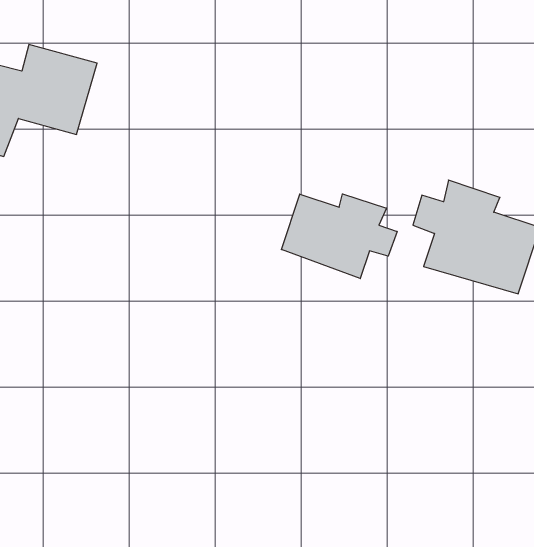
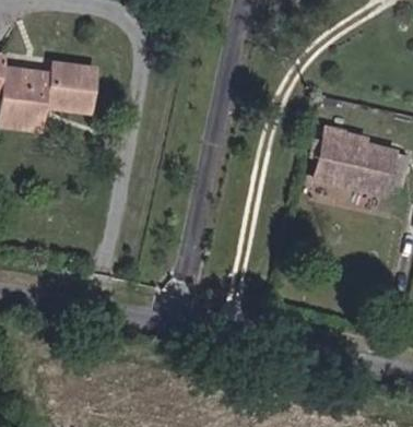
building: [281,194,397,279] -> none

